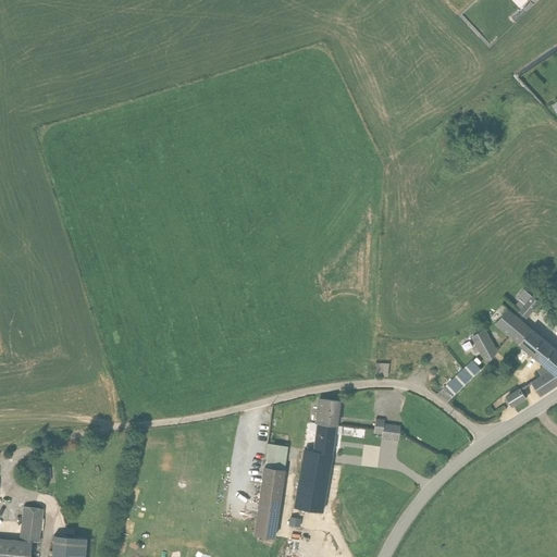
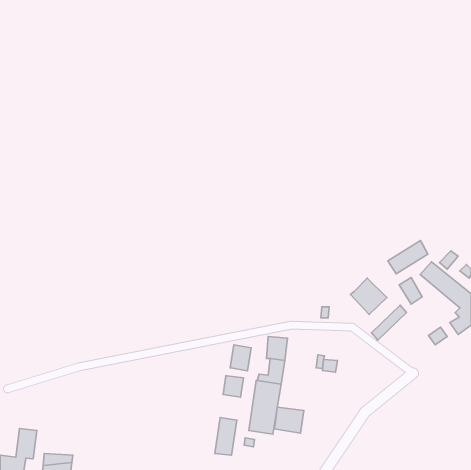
building: none -> [388,241,428,274]
building: none -> [350,278,387,314]
building: [259,467,284,497] -> [230,345,251,371]
building: none -> [274,407,304,433]

